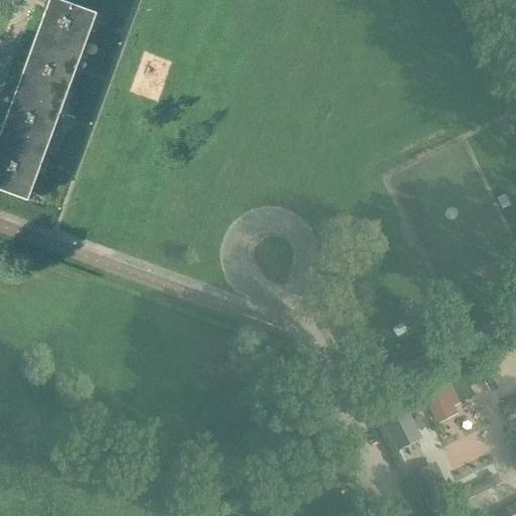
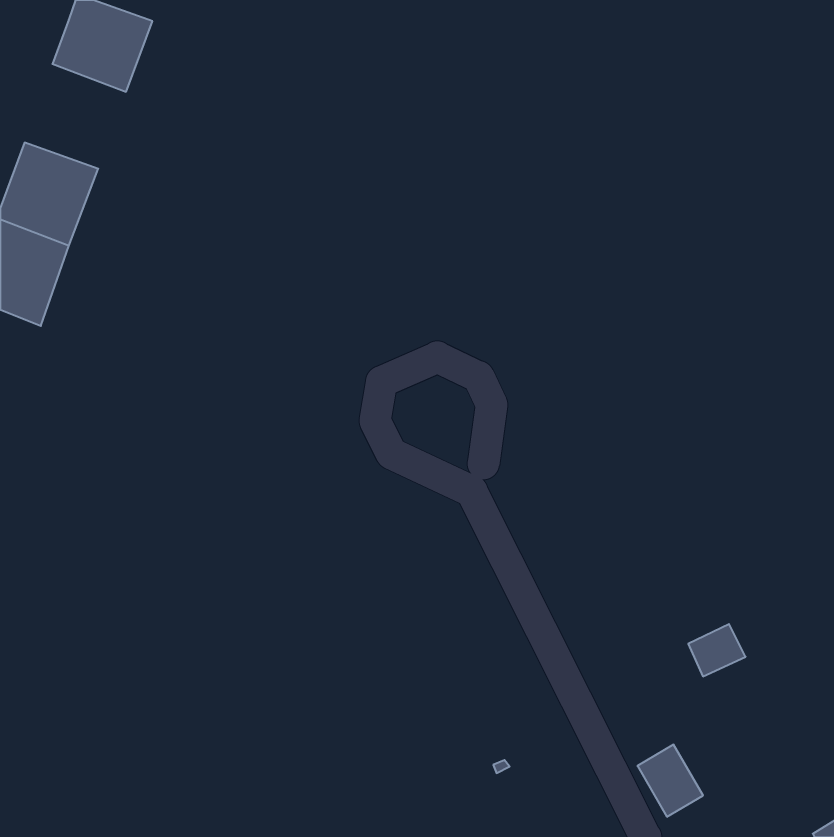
building: [17,39,80,104] -> none
building: [385,405,425,449] -> [637,745,703,817]

